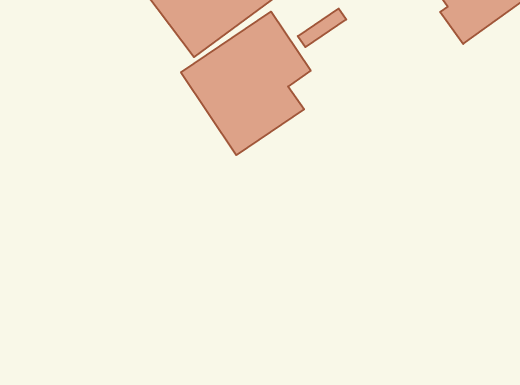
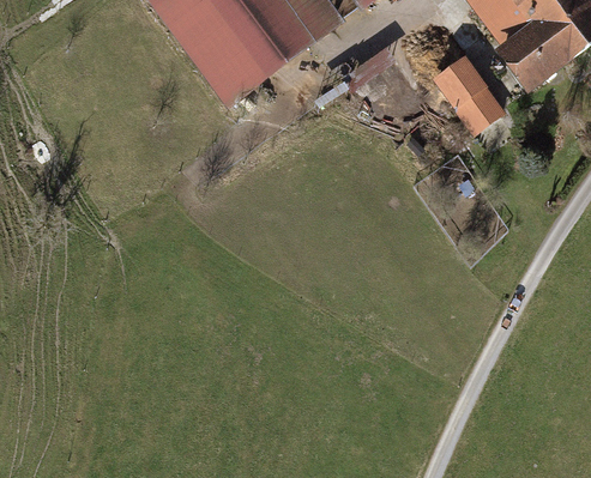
building: [181,12,311,155] -> none
building: none -> [436,61,501,133]

